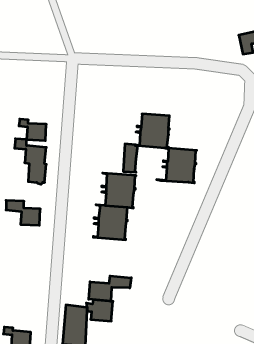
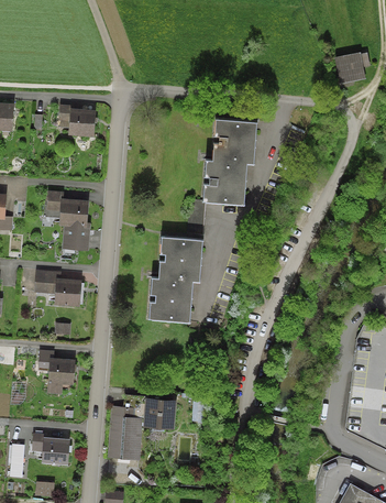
building: [19,119,46,141] -> [58,107,93,134]
building: [157,148,197,183] -> [205,119,256,164]
building: none -> [37,351,74,393]
building: [89,276,131,301] -> none

